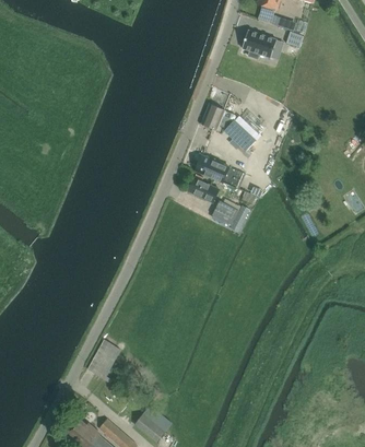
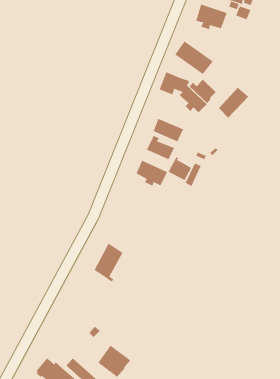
building: none -> [175,40,213,75]
building: none -> [218,87,249,119]
building: none -> [136,160,168,187]
building: [87,339,120,383] -> [93,243,123,283]

